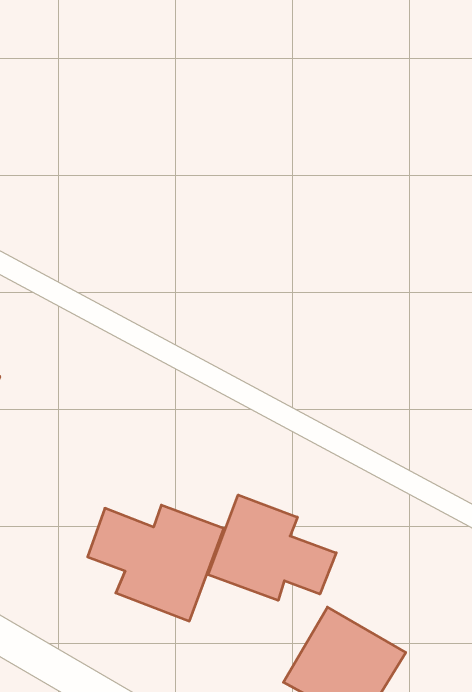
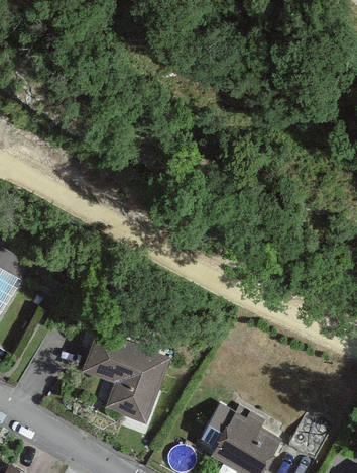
building: [208,495,336,600] -> none

